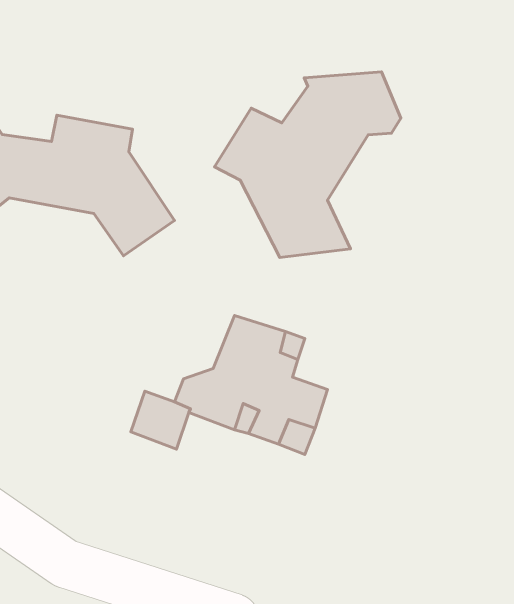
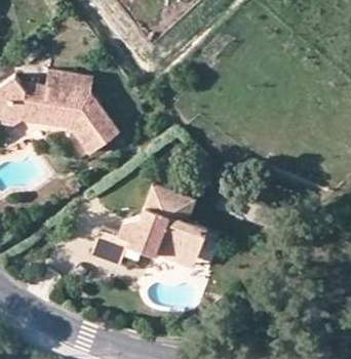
building: [214,72,401,258] -> none

